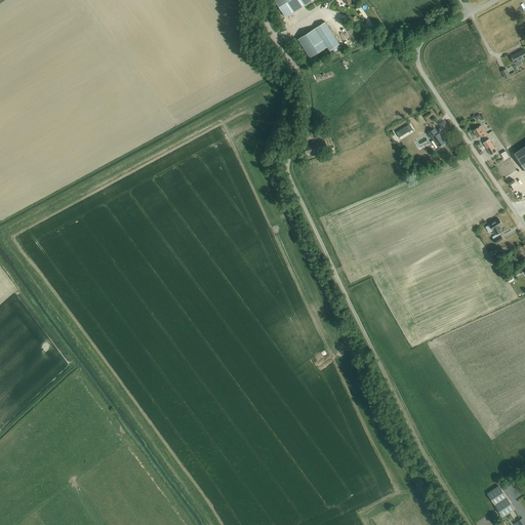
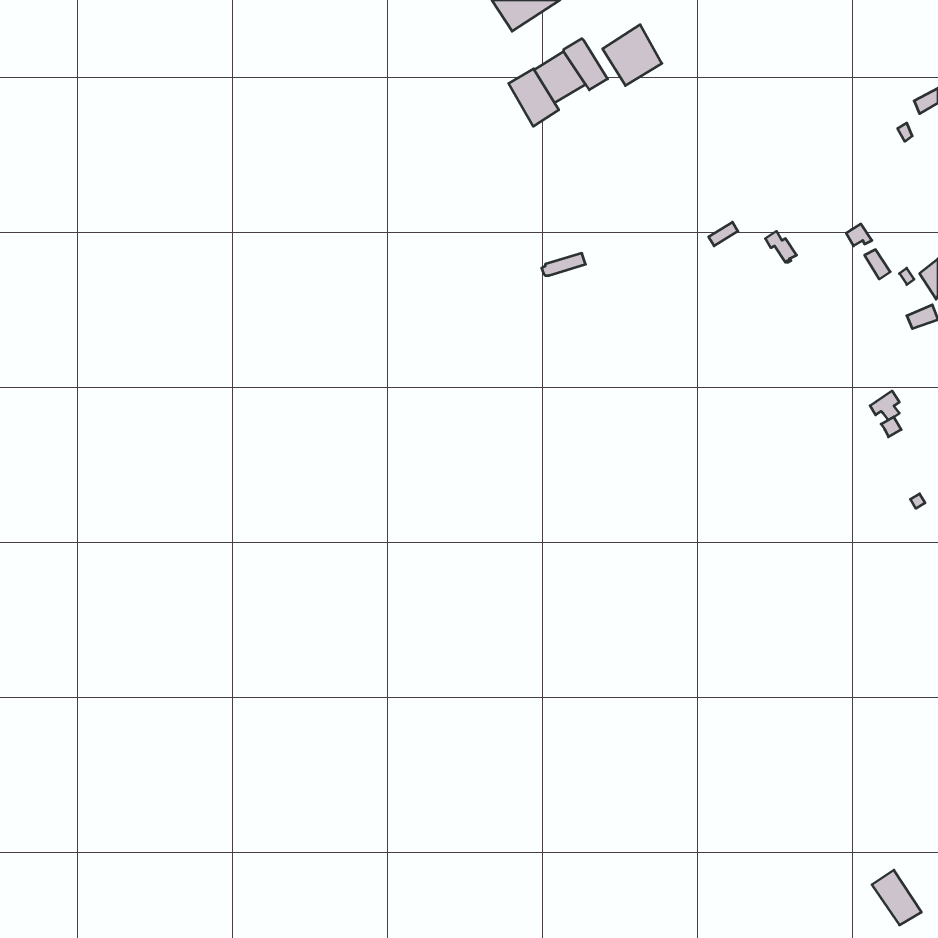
building: none -> [603,25,662,86]
building: none -> [509,69,559,126]

